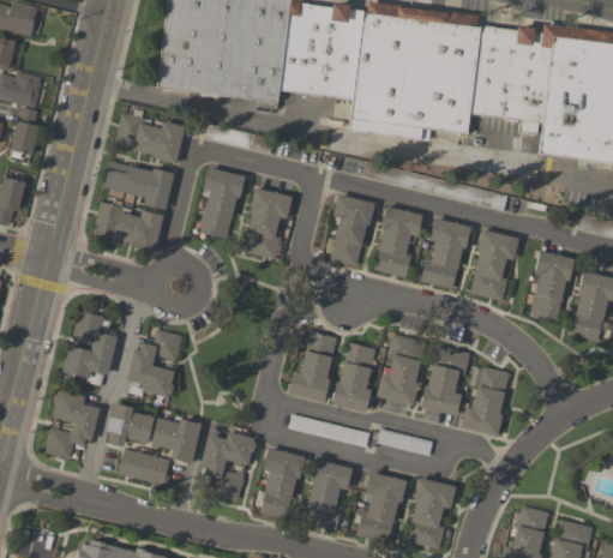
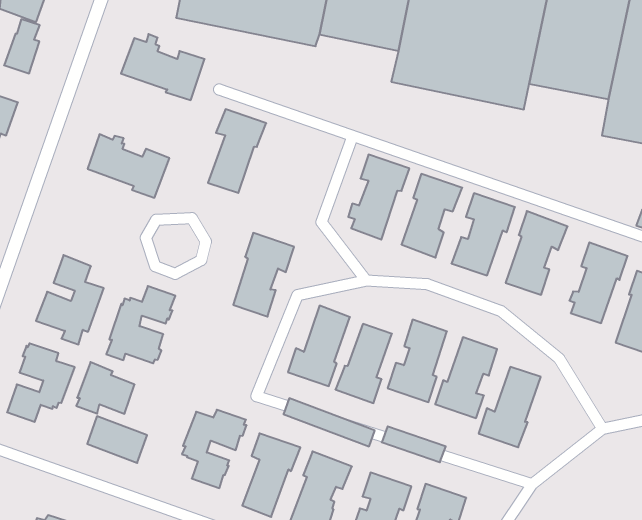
building: [104,161,175,209] -> none
building: [245,187,293,259] -> [233,233,294,317]
building: [152,416,202,463] -> none

